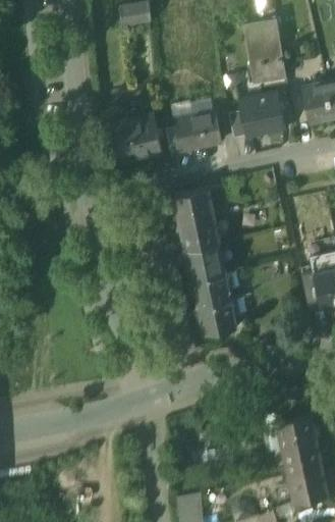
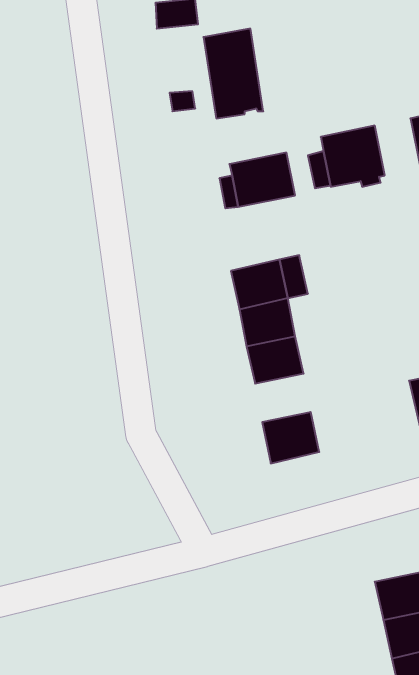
building: [241,19,284,84] -> [203,29,263,118]
building: [113,120,162,163] -> none
building: [190,270,230,305] -> none

